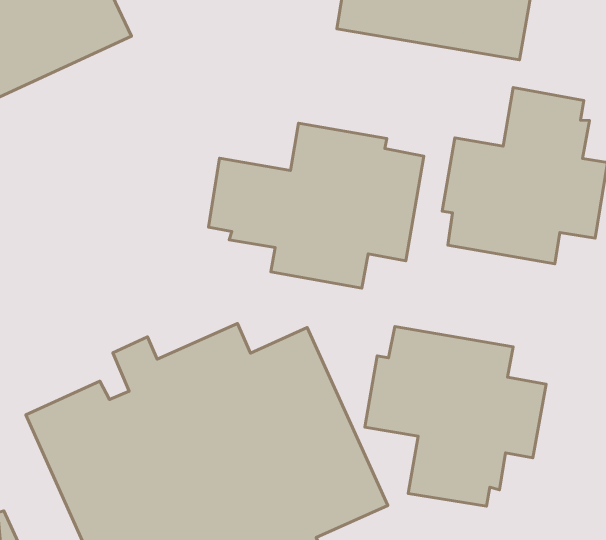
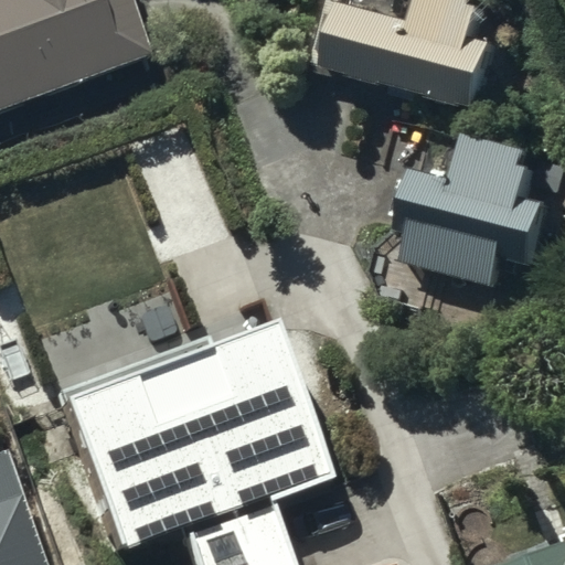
building: [208,123,424,288] -> none
building: [365,327,546,506] -> none

